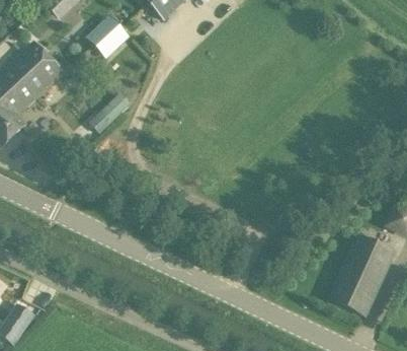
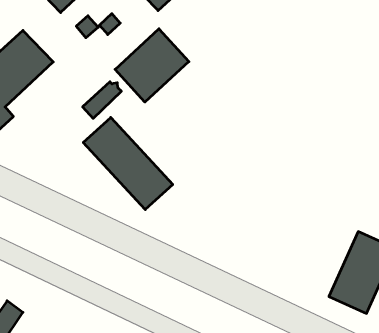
building: none -> [115,29,189,102]
building: none -> [83,117,173,210]

